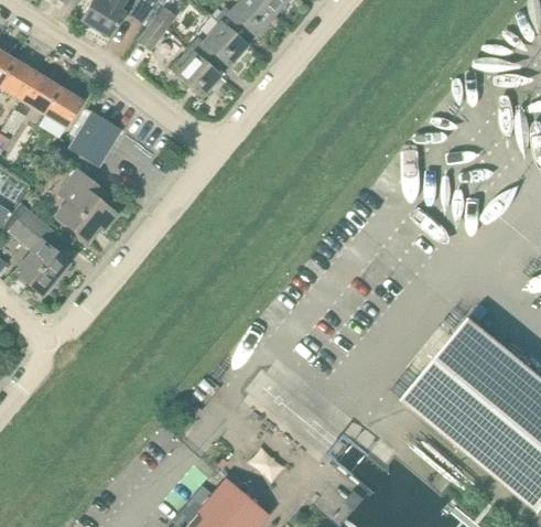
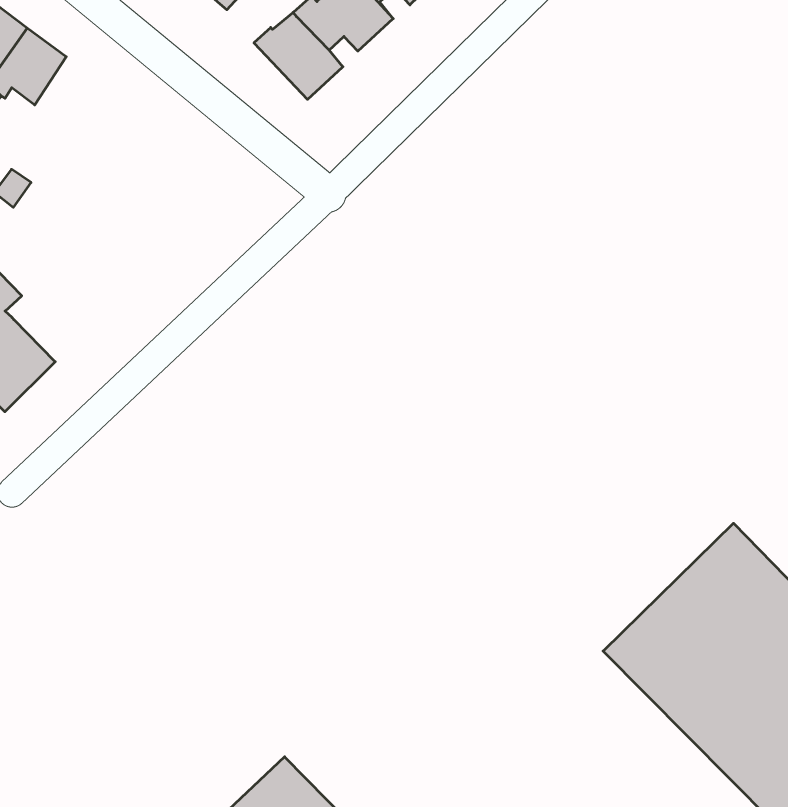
building: [43,86,82,129] -> none
building: [67,110,121,166] -> none
building: [59,170,112,241] -> none

